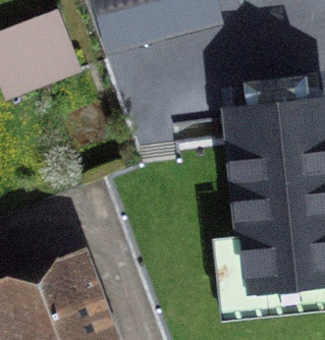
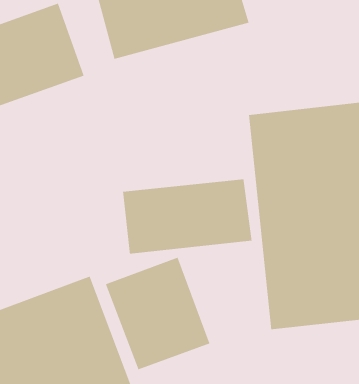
building: none -> [123,178,252,254]
building: none -> [105,257,210,370]

